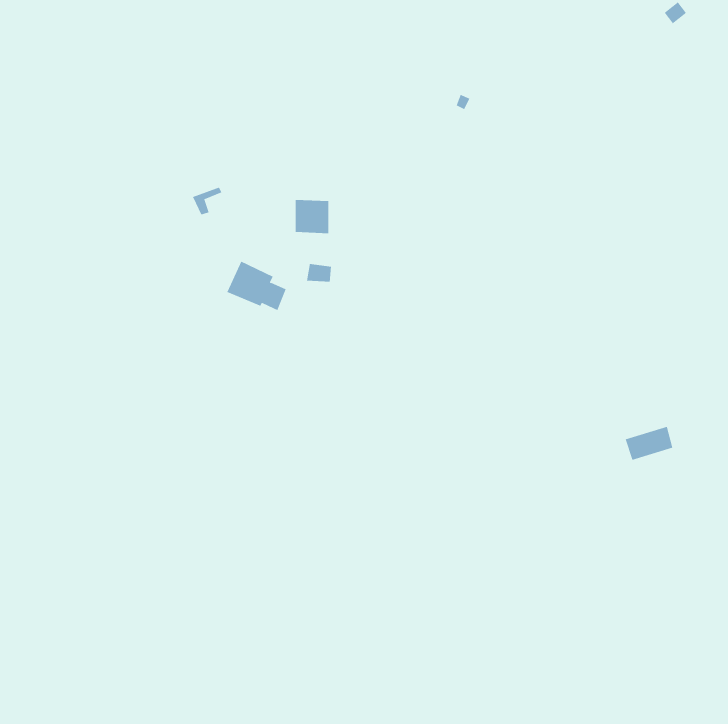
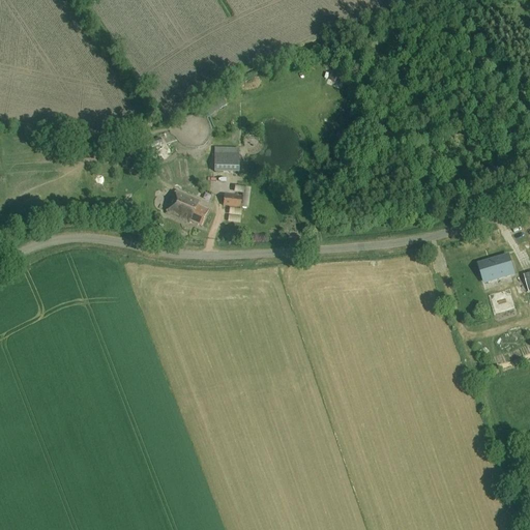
building: [625,426,673,461] -> [478,255,513,279]

